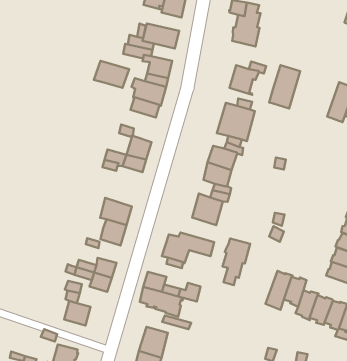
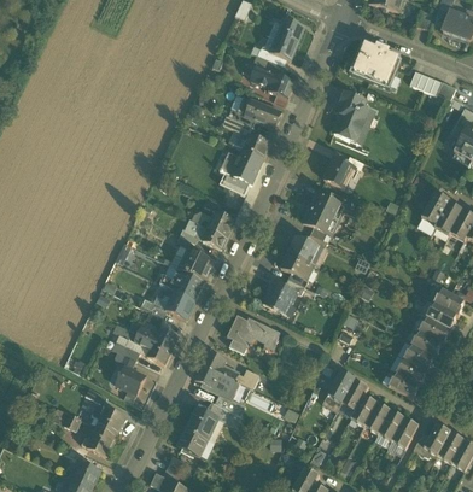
building: [94,61,129,88] -> none
building: [269,65,300,109] -> none
building: none -> [179,247,215,281]
building: [223,238,250,285] -> none

